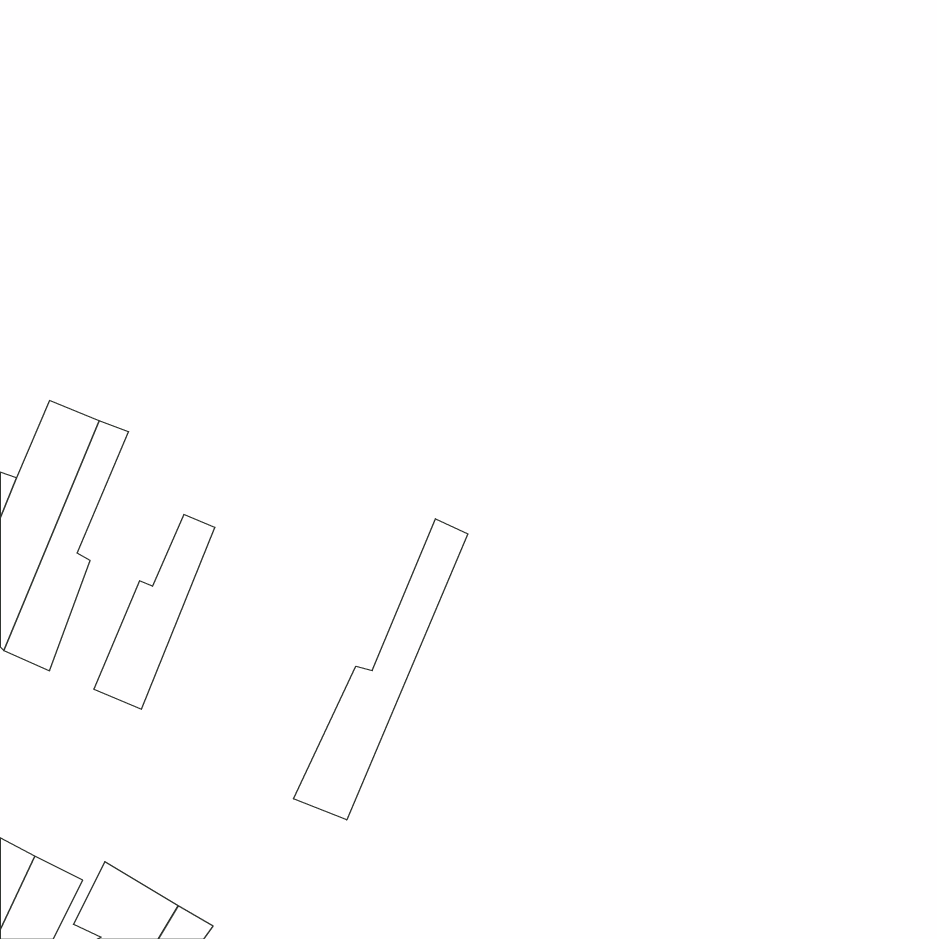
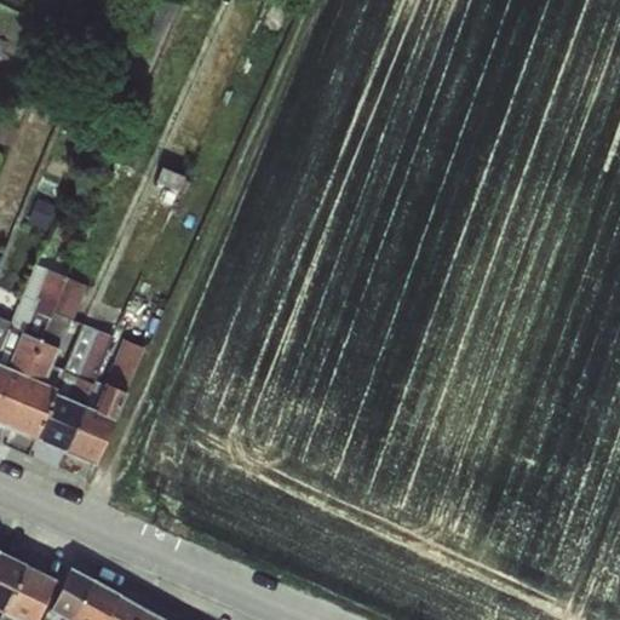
building: none -> [34,302,124,454]
building: [294,519,468,820] -> none

